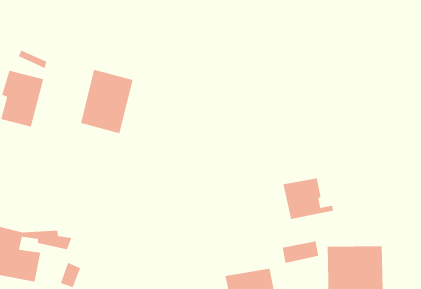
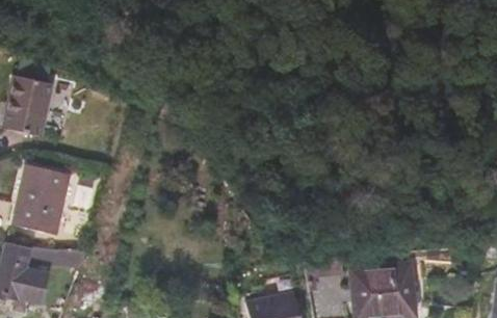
building: [80,69,134,134] -> [14,166,71,236]
building: [282,178,334,220] -> none

